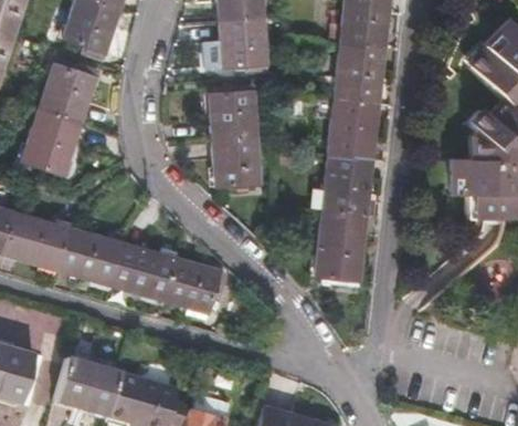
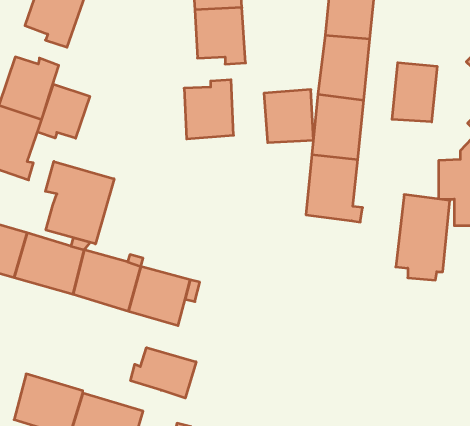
building: none -> [392,63,437,122]
building: none -> [38,84,90,138]
building: [214,137,260,186] -> [264,90,313,143]
building: none -> [45,161,114,244]
building: [316,210,366,289] -> [396,195,450,280]
building: none -> [131,348,196,398]

